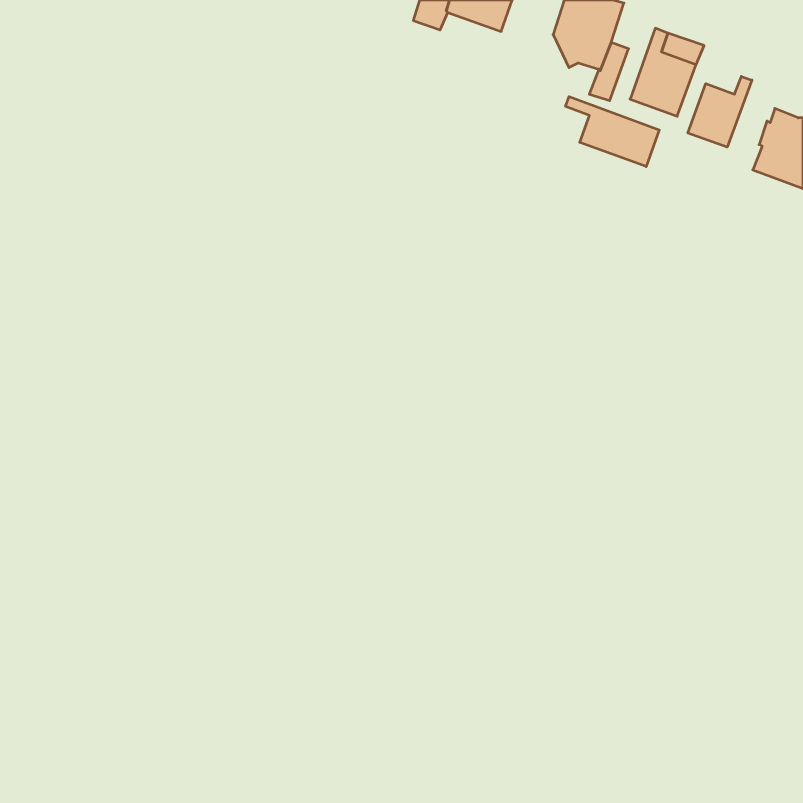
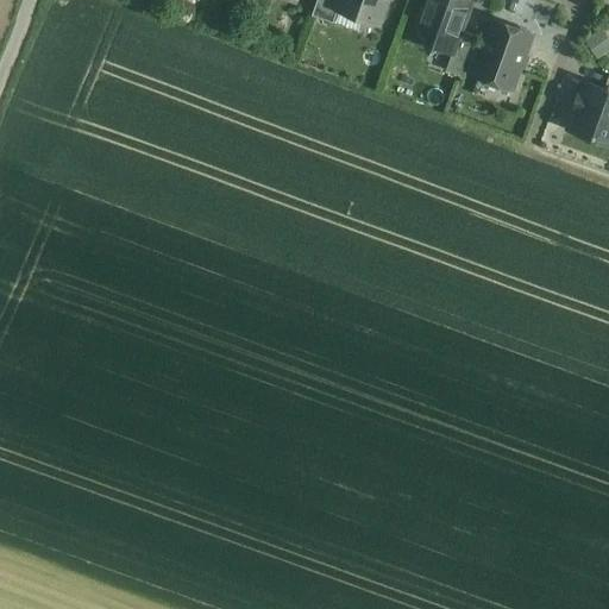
building: [688,76,752,147] -> none
building: [566,97,659,167] -> none

